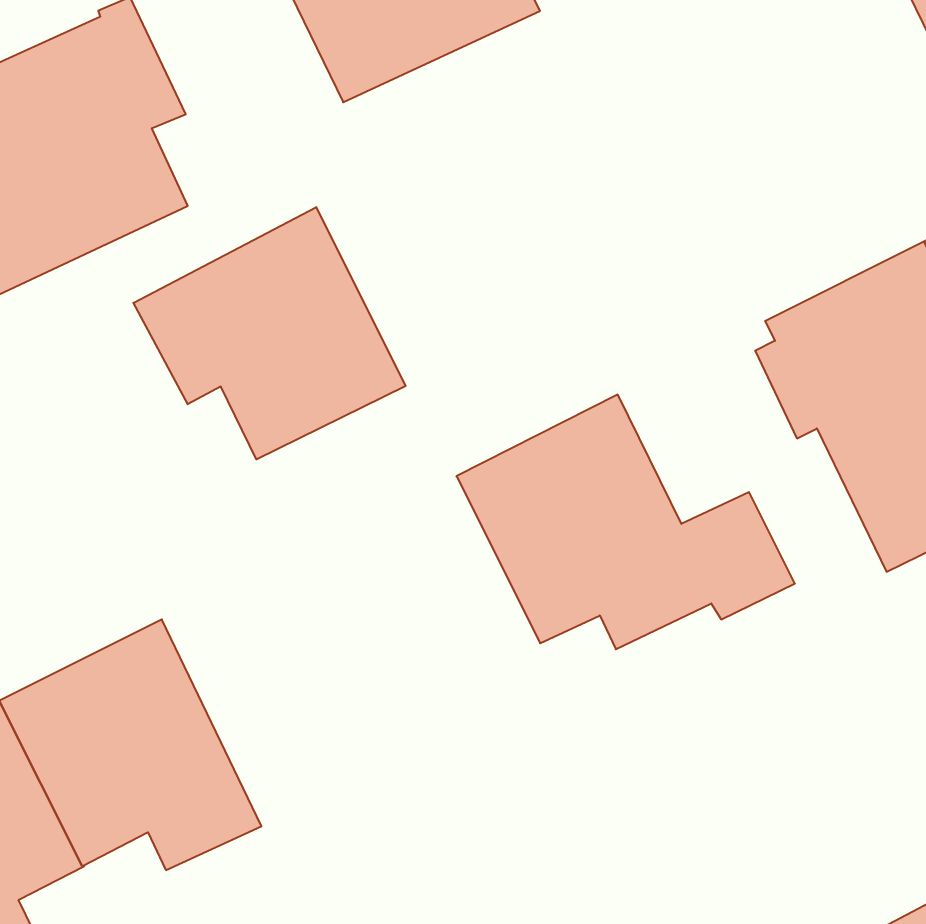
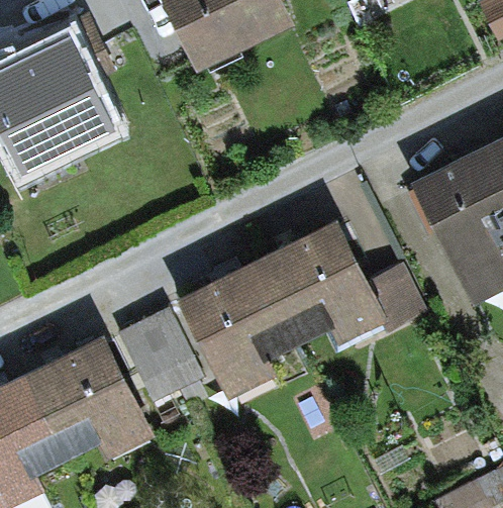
building: [133,207,406,459] -> none
building: none -> [177,261,298,404]
building: none -> [118,311,206,408]

